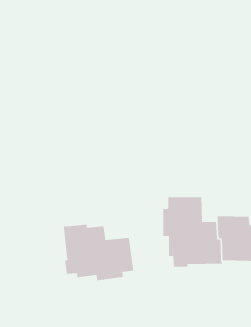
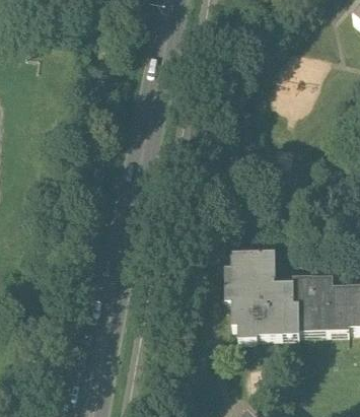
building: [63,224,134,281] -> none

